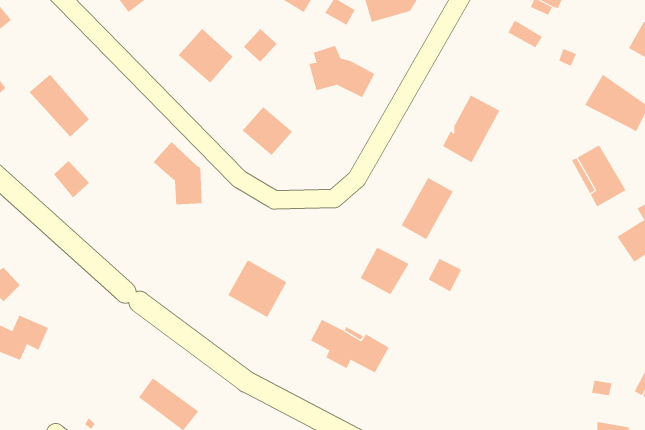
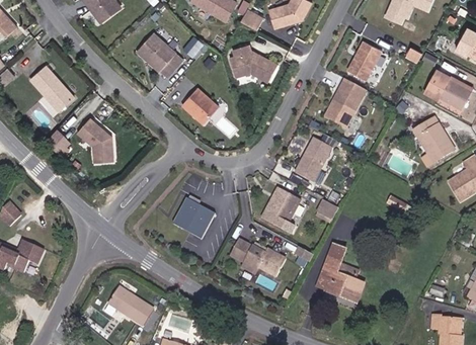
building: none -> [347,45,382,83]
building: [153,141,203,205] -> [78,118,113,164]
building: none -> [318,252,365,310]

